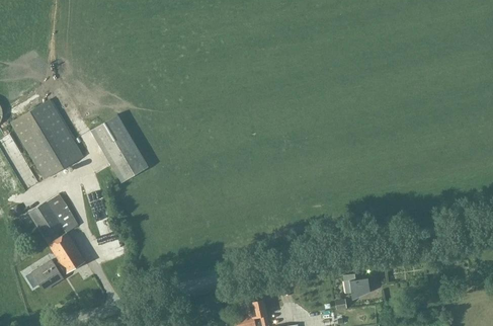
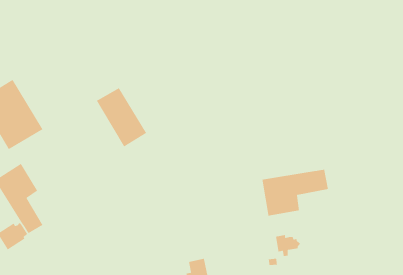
building: [89,114,147,182] -> [96,87,147,148]
building: none -> [262,169,329,217]

